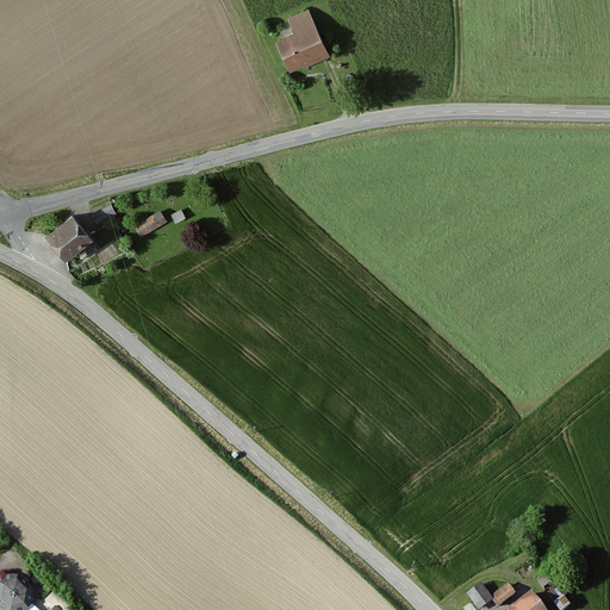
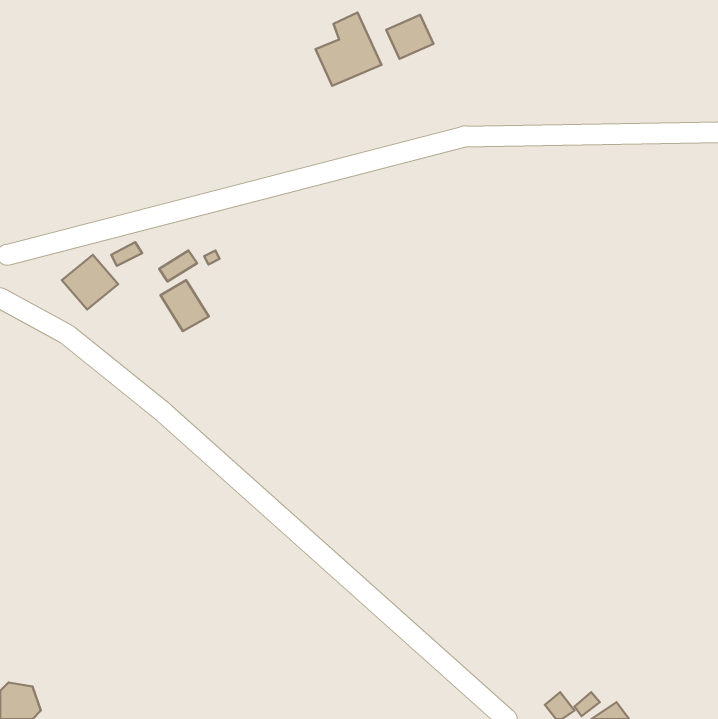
building: none -> [386,15,434,59]
building: none -> [160,280,209,331]

